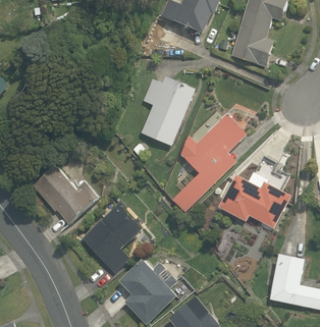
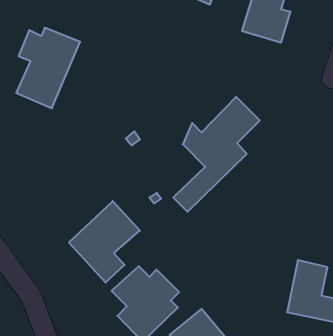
building: [140,76,195,146] -> [16,28,80,108]
building: [33,165,99,224] -> none
building: [218,172,289,227] -> none

